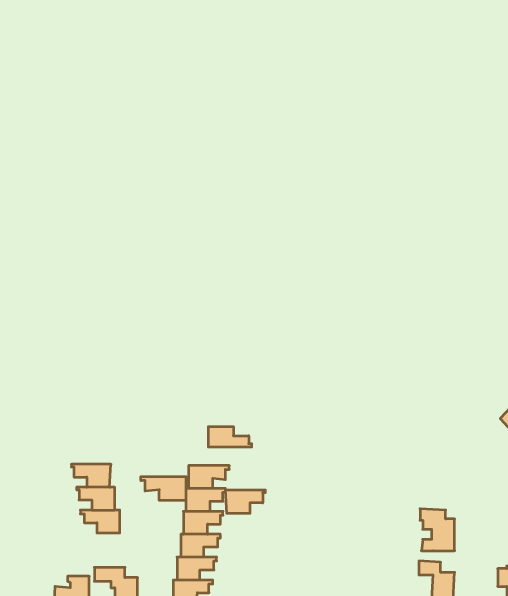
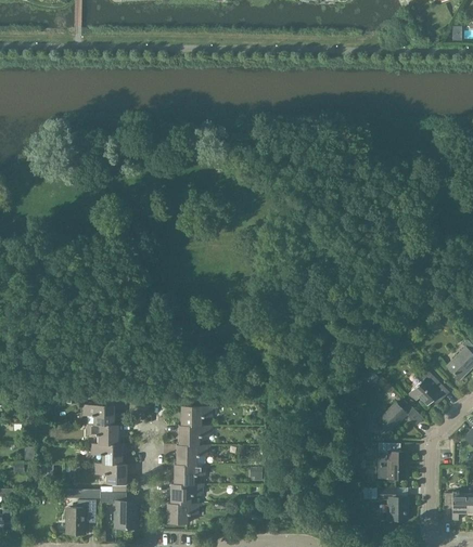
building: none -> [409,369,449,404]
building: [208,427,252,447] -> none
building: none -> [376,402,423,432]
building: [141,477,186,500] -> none
building: [225,490,265,513] -> none
building: none -> [93,463,127,483]

